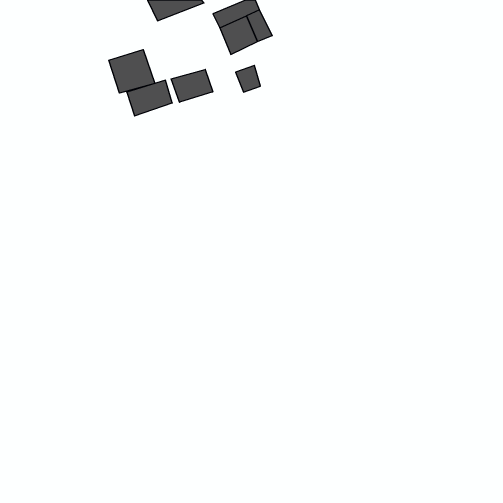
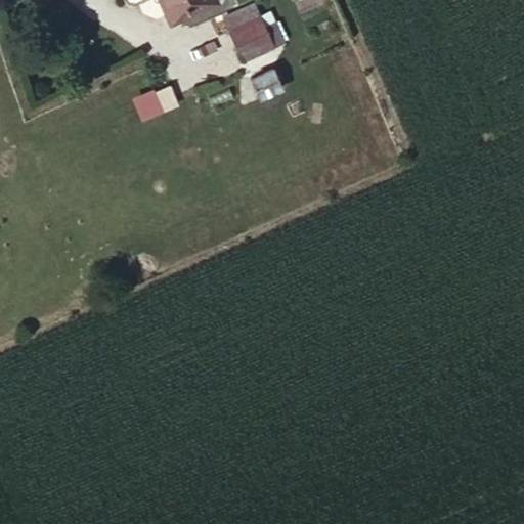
building: [109,50,155,93] -> none
building: [171,69,213,102] -> none

